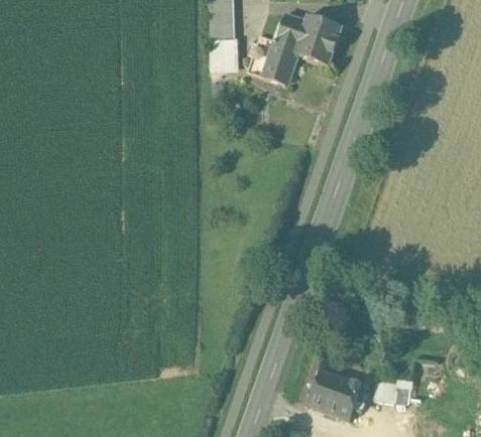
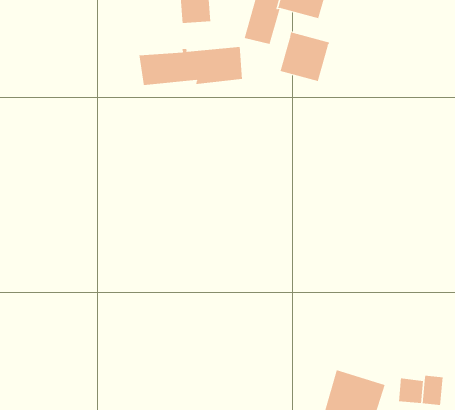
building: none -> [280,31,330,82]
building: none -> [139,46,243,86]

